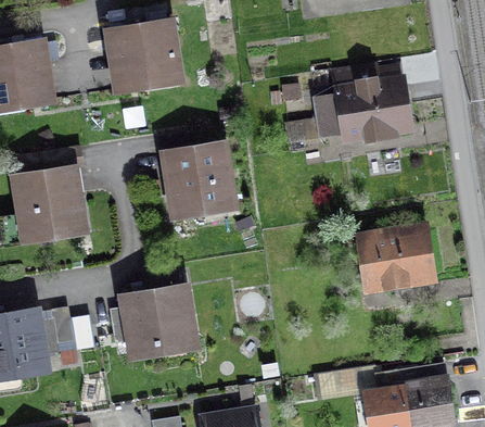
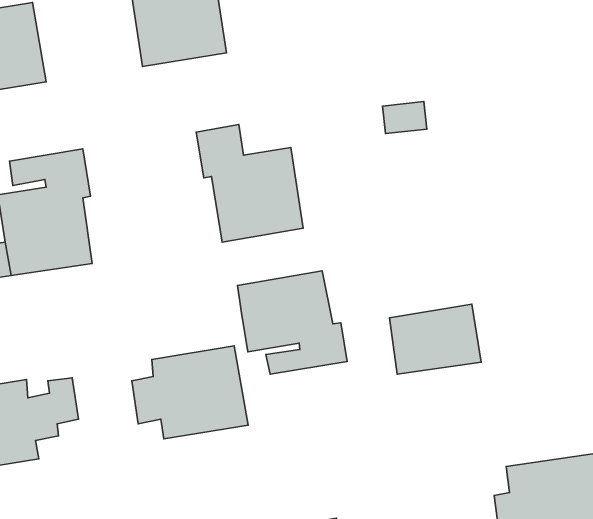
building: [320,64,408,138] -> none
building: [366,234,431,284] -> [389,304,481,374]
building: none -> [238,271,347,374]

